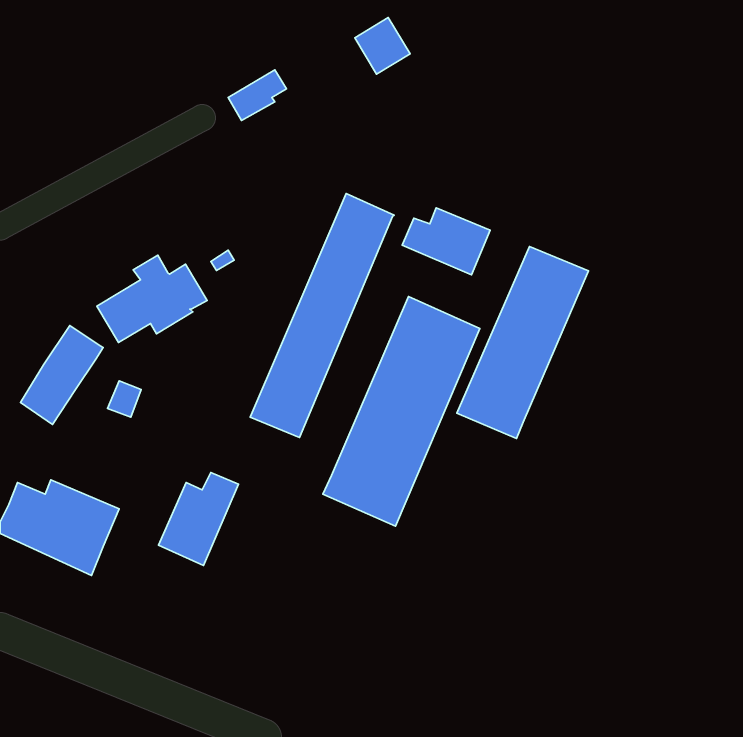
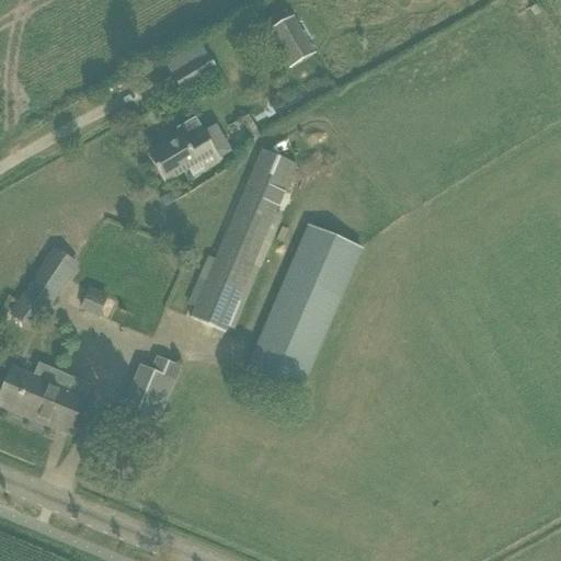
building: [402,208,490,275] -> none
building: [457,246,588,439] -> none
building: [97,255,207,343] -> [148,115,231,181]

